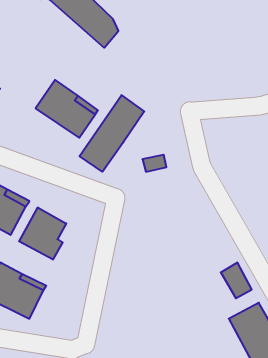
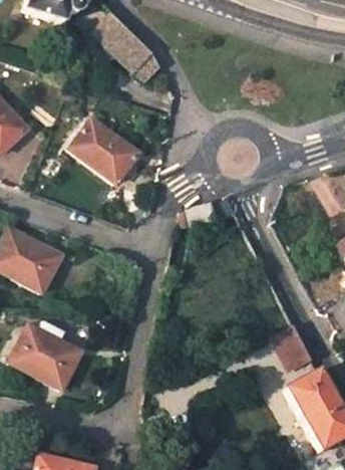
building: [80,95,144,172] -> none
building: [19,207,66,260] -> none

